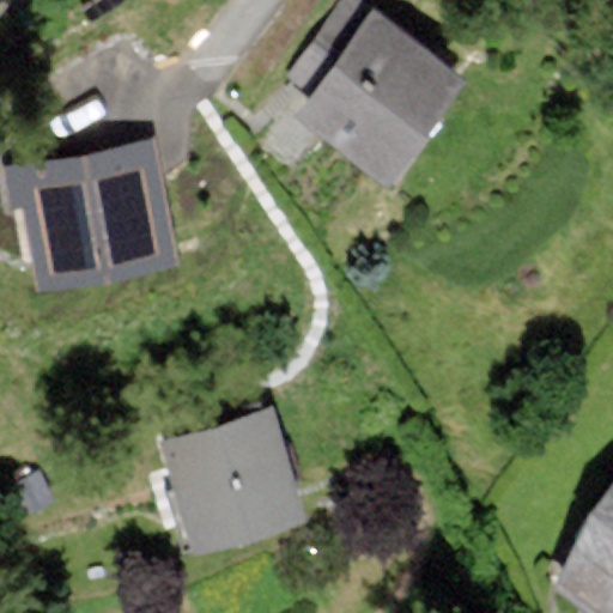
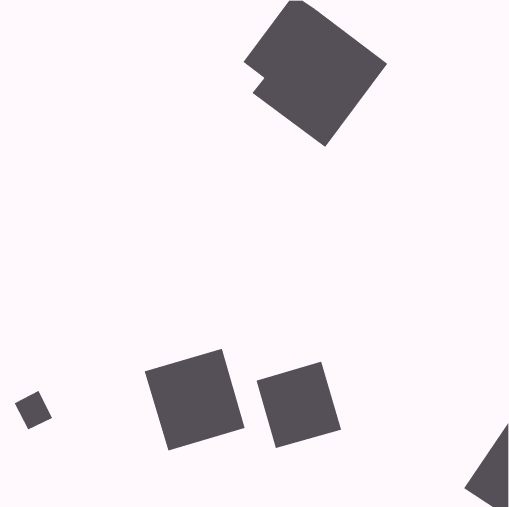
building: [17,150,176,287] -> none
building: none -> [256,361,342,449]

